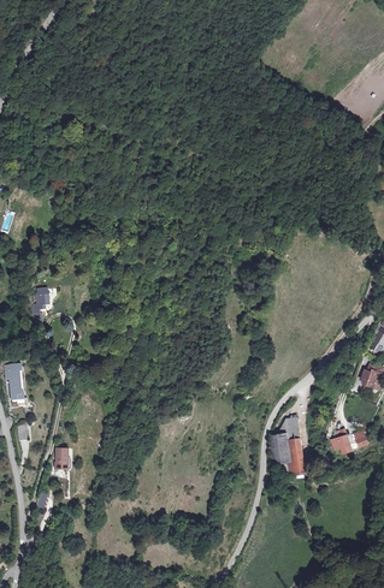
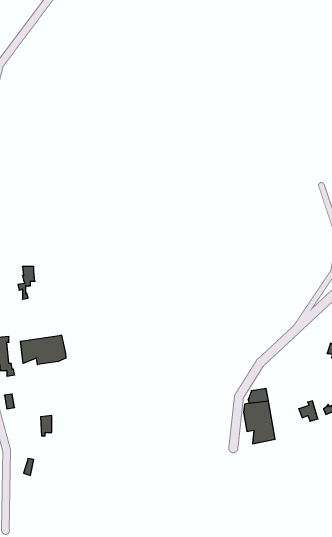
building: none -> [20,335,66,365]

